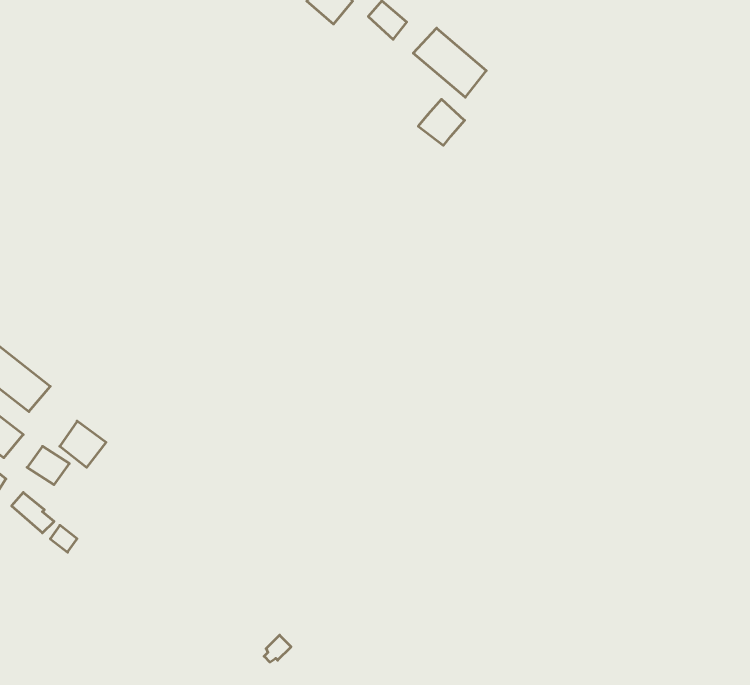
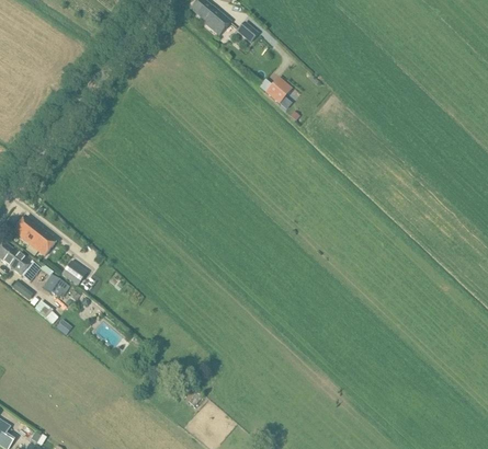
building: [413,28,486,97] -> none

